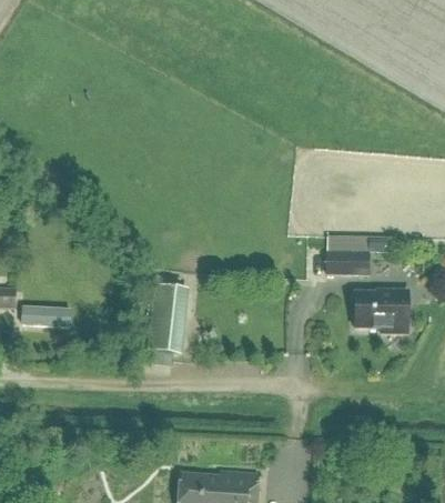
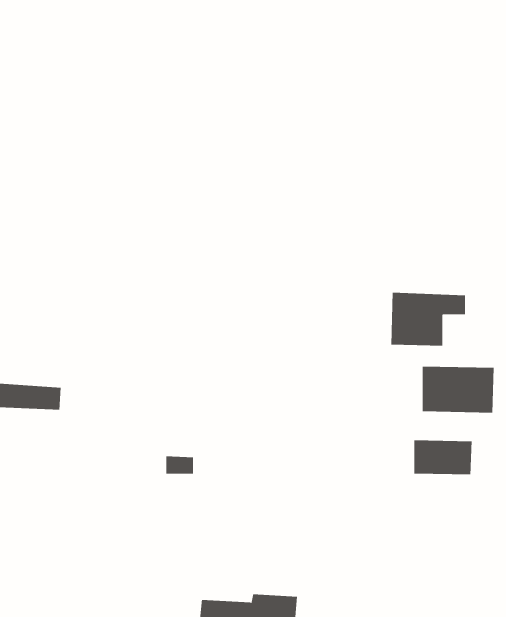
building: [148,275,183,354] -> none
building: none -> [414,440,472,475]

